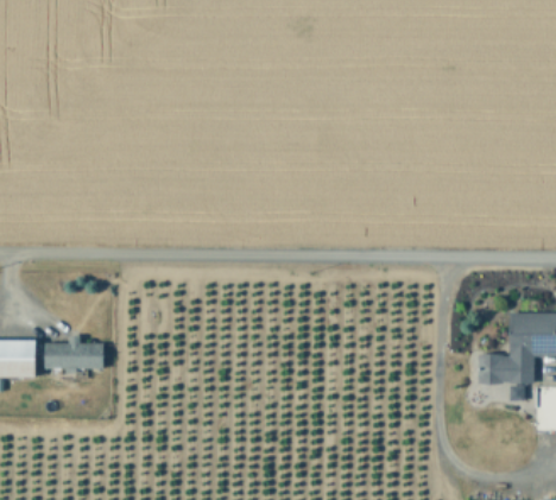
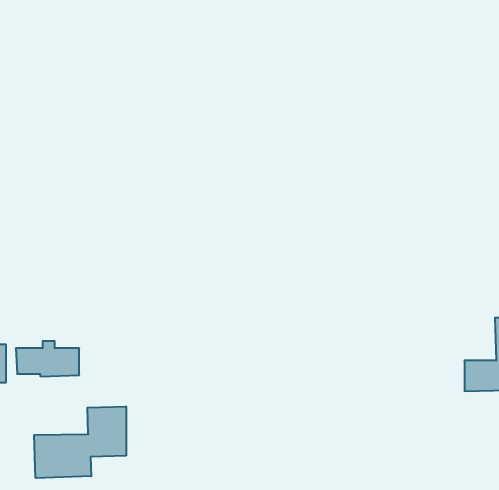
building: none -> [34,406,126,478]

